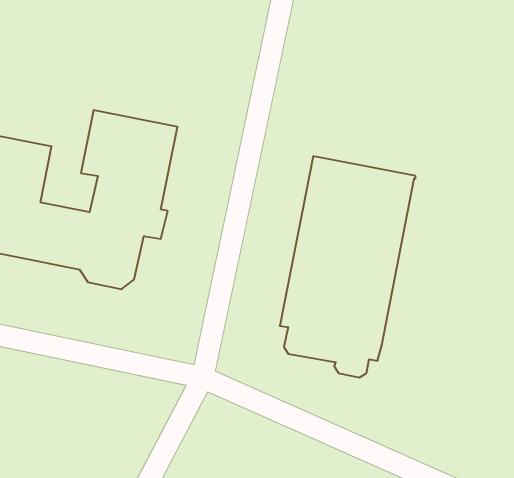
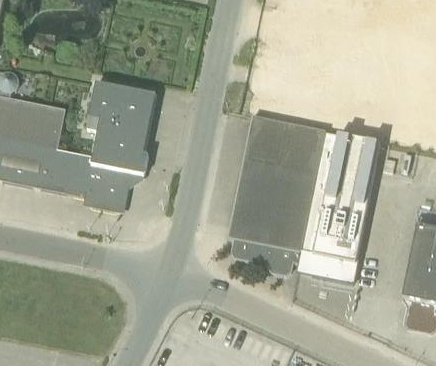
building: none -> [301,132,380,283]

